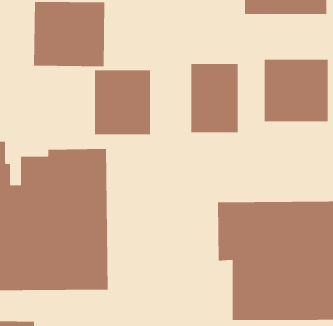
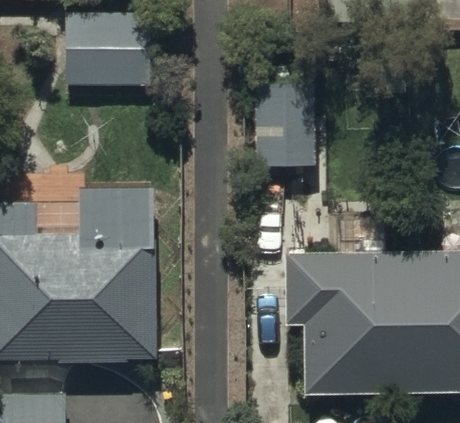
building: [264,59,328,122] -> none
building: [94,69,151,135] -> none

